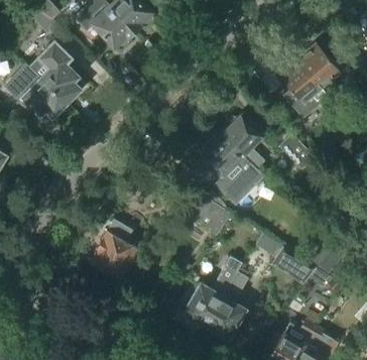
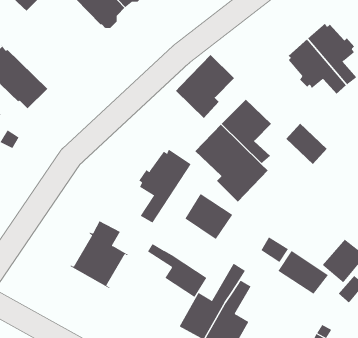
building: [31,43,84,103] -> none
building: none -> [175,54,235,119]
building: none -> [139,149,192,224]
building: none -> [147,243,207,298]

